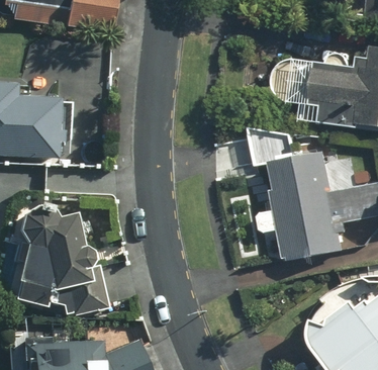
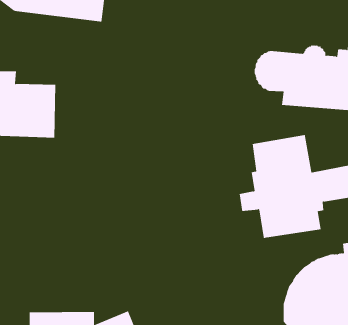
building: [13,203,109,315] -> none

